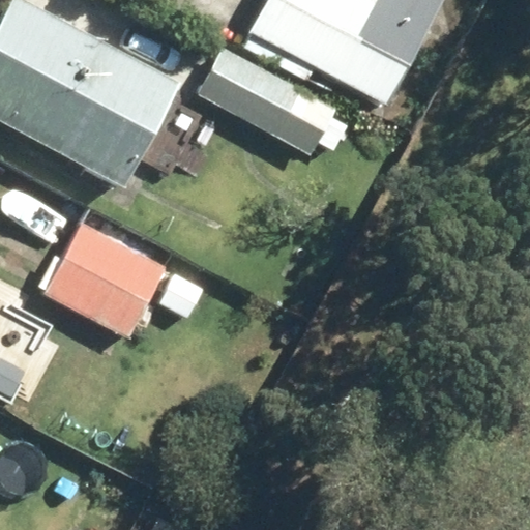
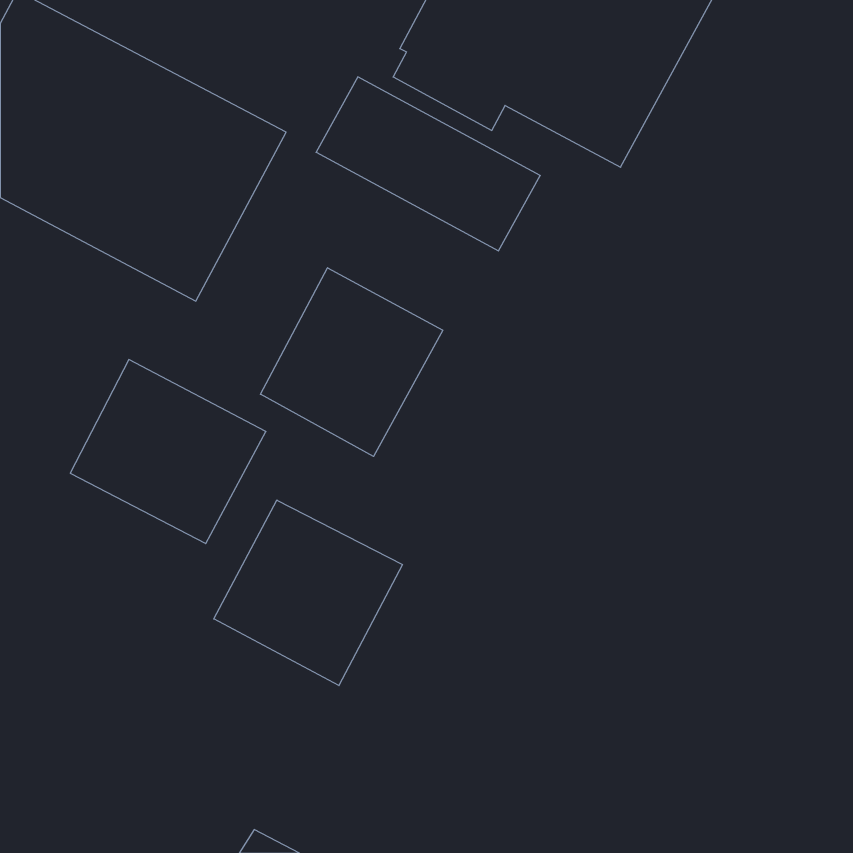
building: none -> [260,268,443,456]
building: none -> [214,500,402,686]

